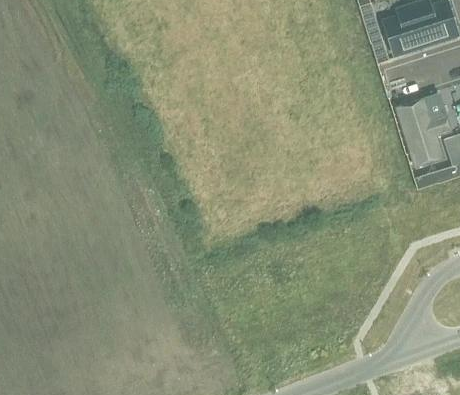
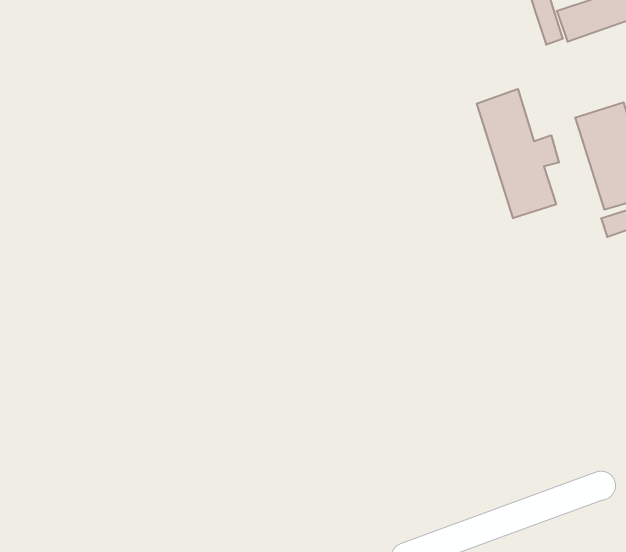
building: none -> [477,89,559,218]

